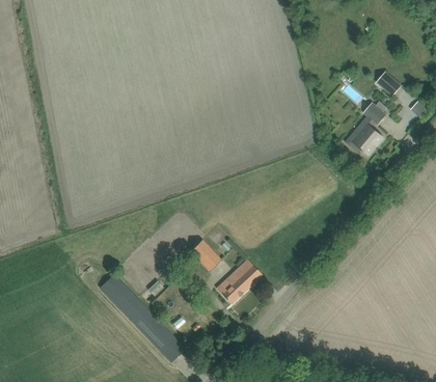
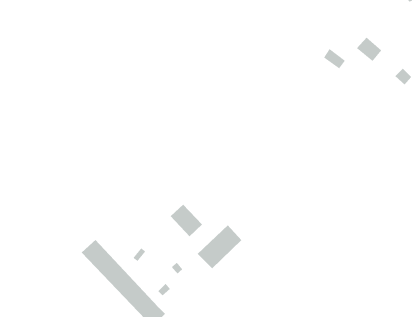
building: [345,102,386,155] -> none

